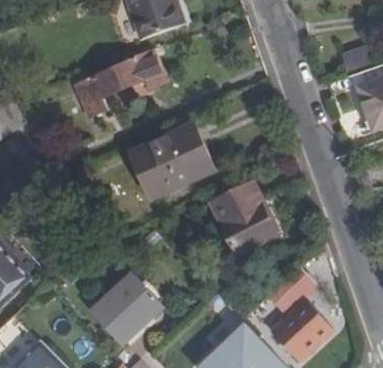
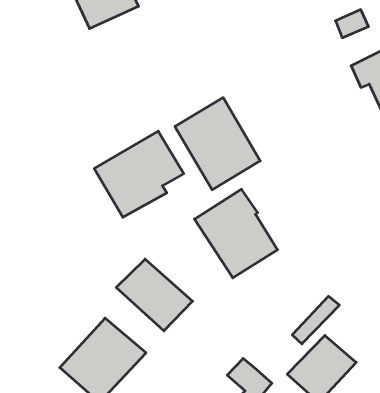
building: [76,46,165,114] -> none
building: none -> [175,98,260,190]
building: none -> [116,259,193,331]

